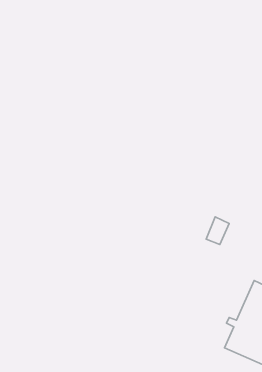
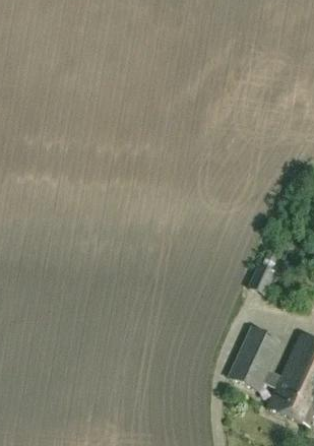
building: none -> [230,327,279,389]

